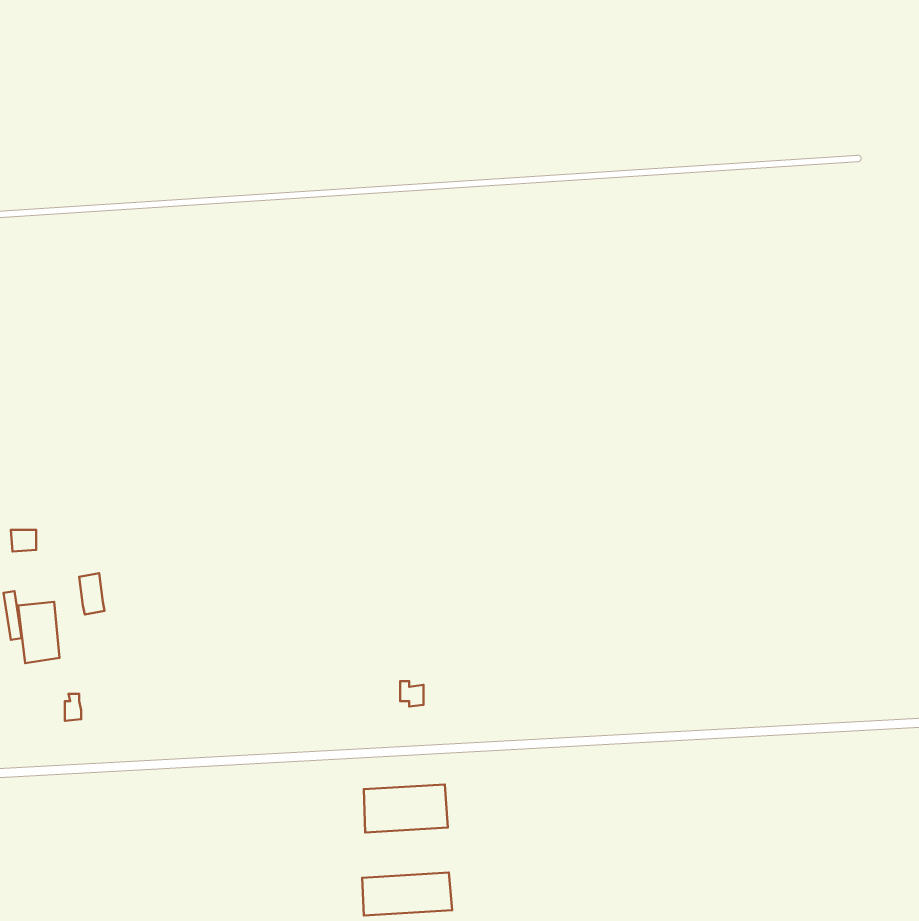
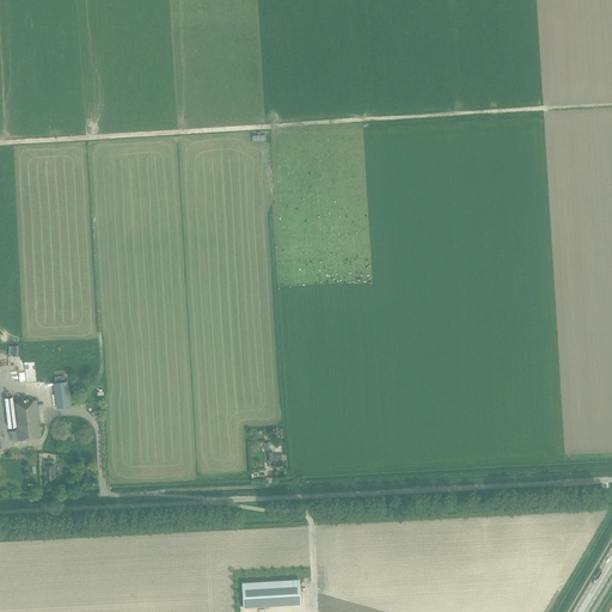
building: [364,784,448,833] -> none

